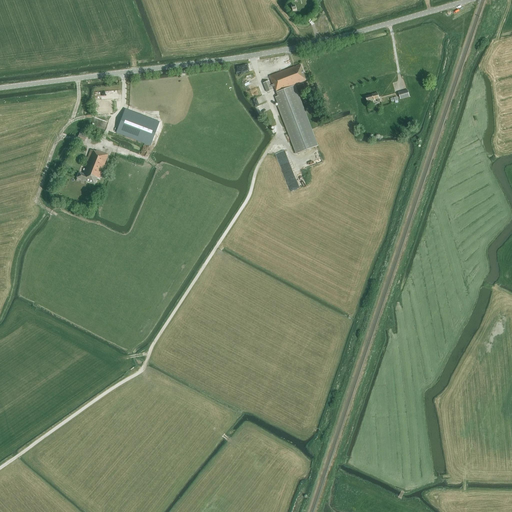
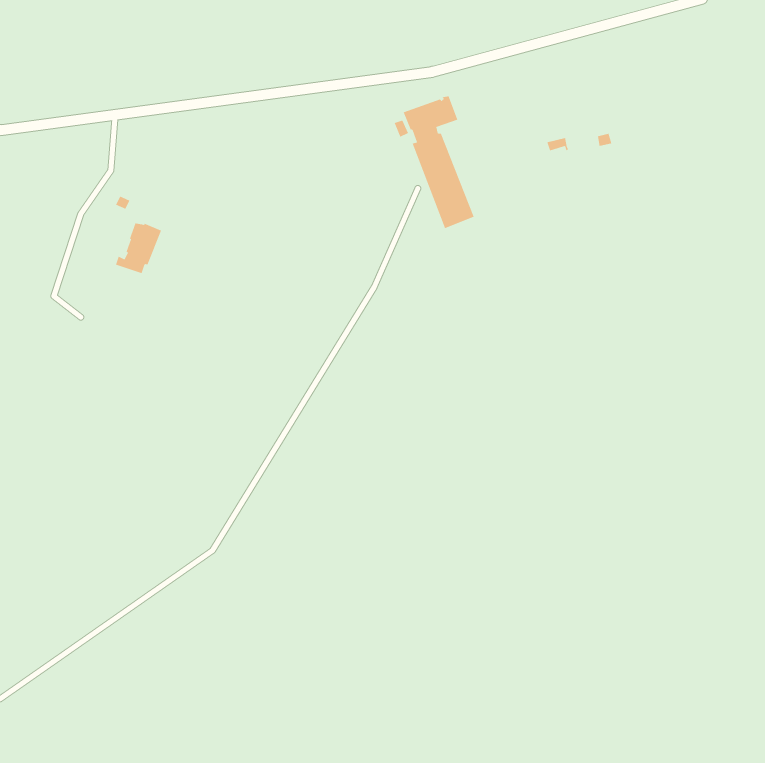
building: [116,108,159,144] -> none

